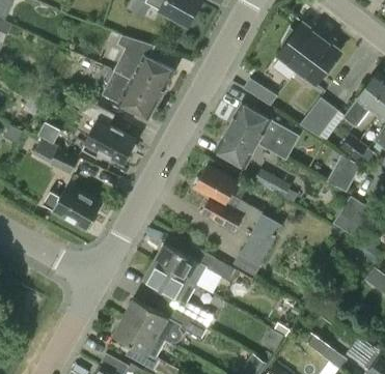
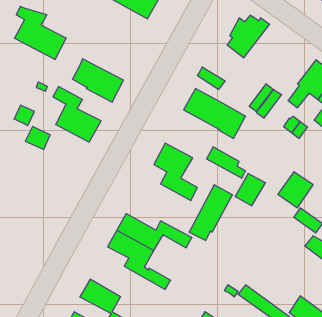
building: [296,33,340,85] -> none
building: [115,36,173,95] -> [14,7,66,59]
building: [215,128,258,169] -> none
building: [327,156,361,193] -> [235,173,266,206]
building: [43,186,101,231] -> none
building: [123,299,208,342] -> none

